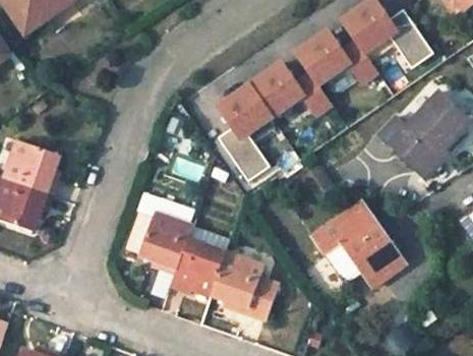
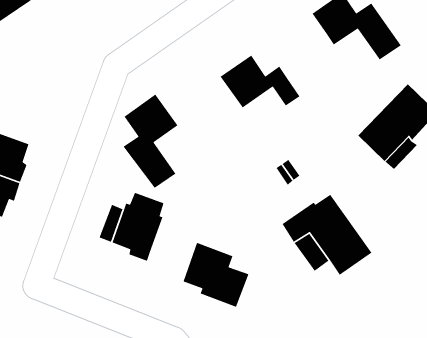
building: [296,31,378,85] -> none
building: [216,84,273,181] -> [122,94,178,189]
building: [172,238,226,293] -> none

